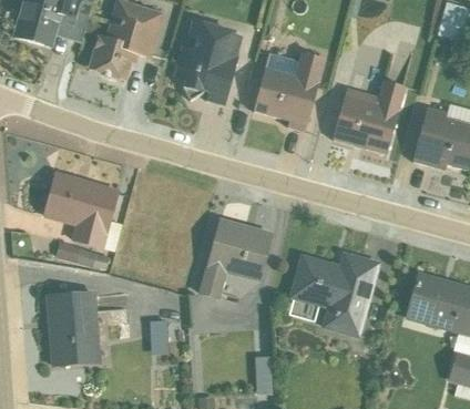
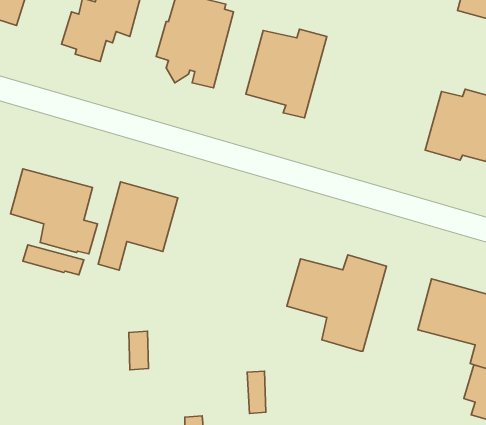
building: [334,80,405,152] -> none
building: [201,218,272,297] -> [98,182,178,270]
building: [48,293,101,366] -> none

